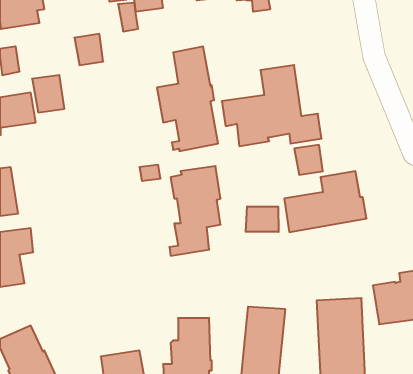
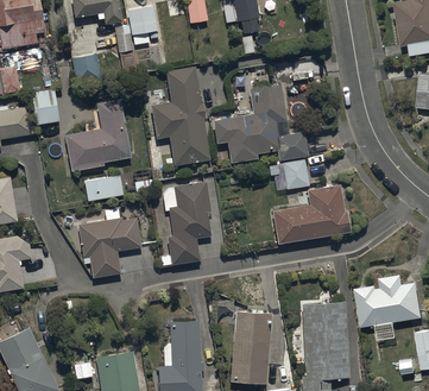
building: none -> [64,96,130,169]
building: none -> [83,176,122,203]
building: none -> [78,212,141,279]
building: [246,206,279,232] -> none

